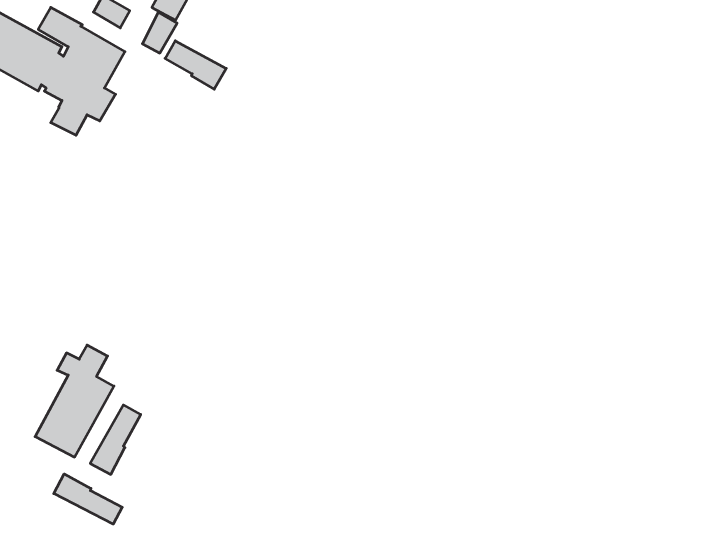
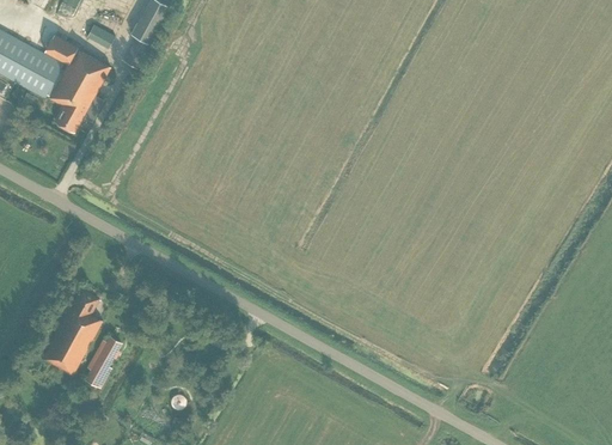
building: [165,41,226,89] -> none
building: [54,474,122,524] -> none

